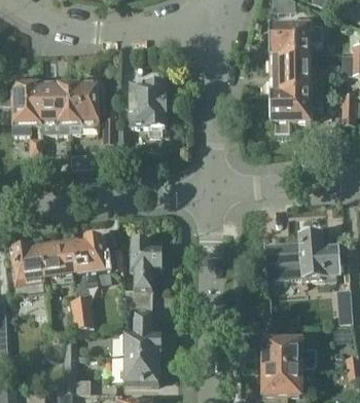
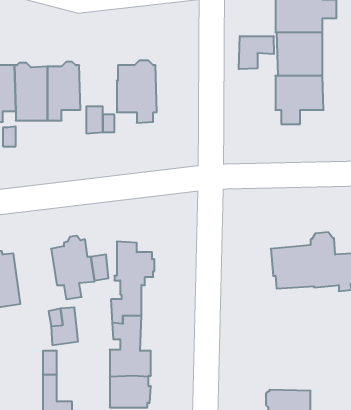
building: none -> [239,36,274,69]
building: [40,242,78,292] -> none
building: [260,340,300,368] -> none

